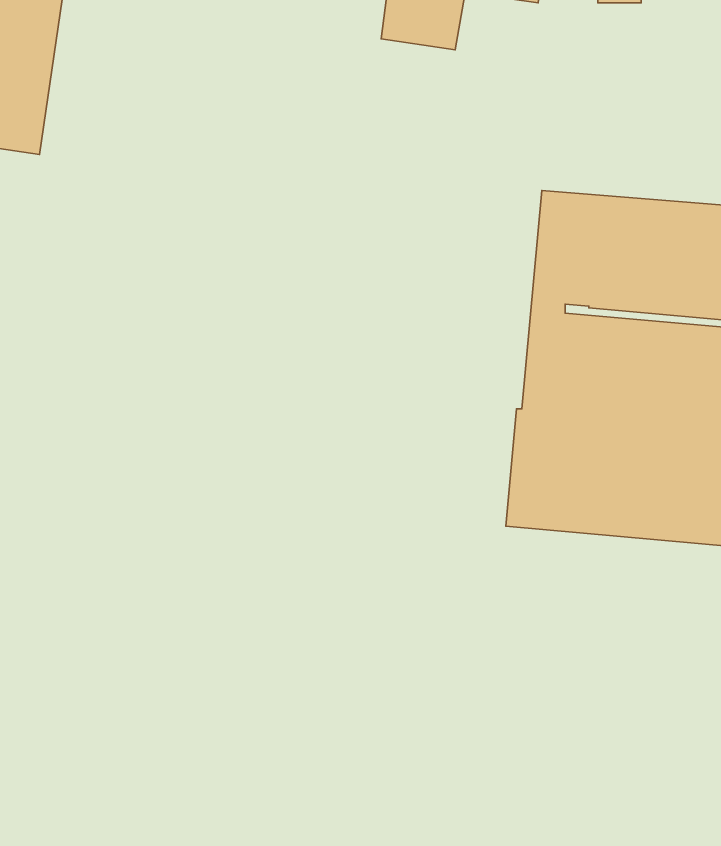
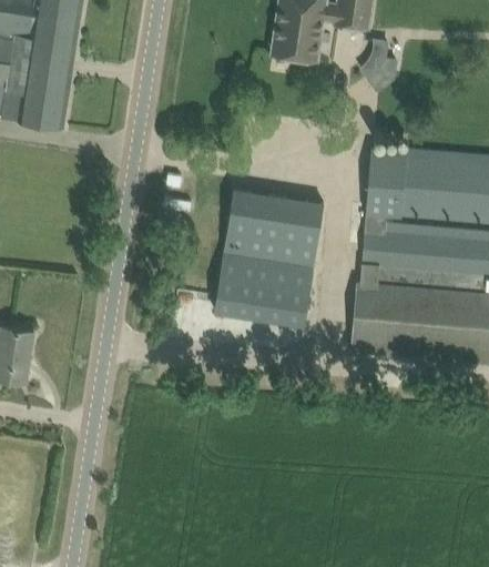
building: none -> [369,38,389,75]
building: none -> [215,189,324,323]

